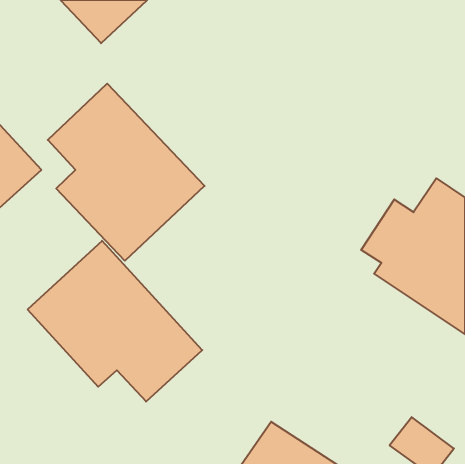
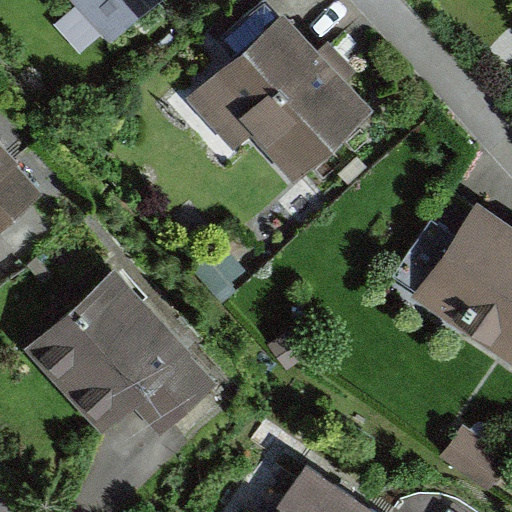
building: none -> [196,16,377,183]
building: [48,84,205,261] -> none

